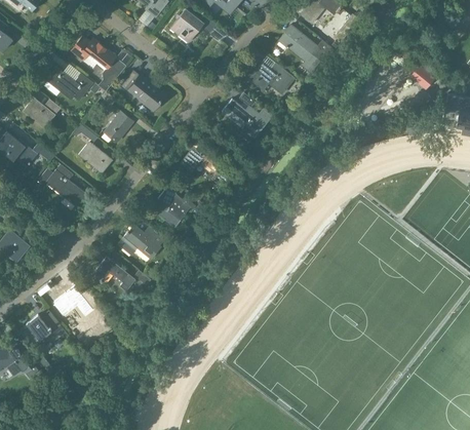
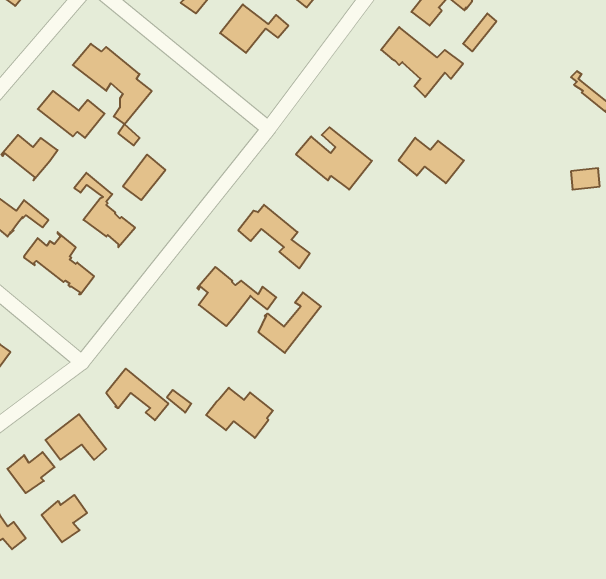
building: [250,63,295,93] -> [399,138,464,183]
building: [122,70,165,109] -> none
building: none -> [259,292,321,353]
building: [118,224,163,258] -> [206,388,273,438]
building: none -> [42,495,87,542]

